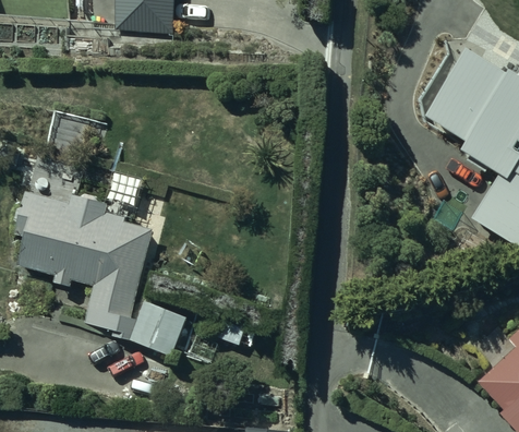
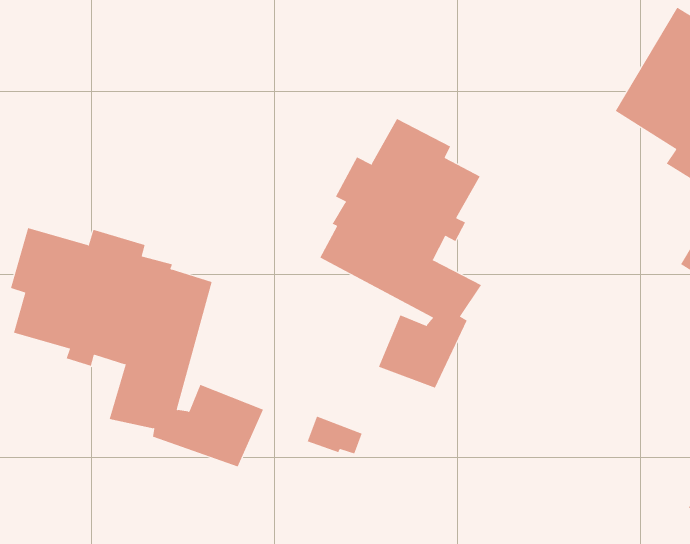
building: none -> [319,118,482,389]

